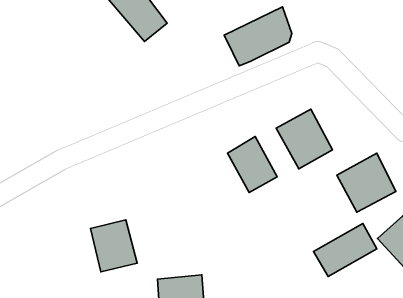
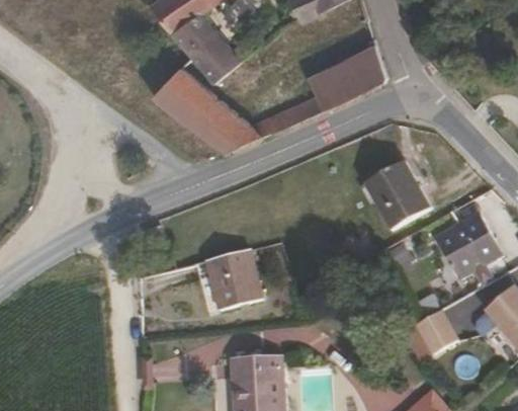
building: none -> [152,66,324,152]
building: [227,136,277,192] -> none
building: [90,220,137,272] -> [206,247,261,308]

